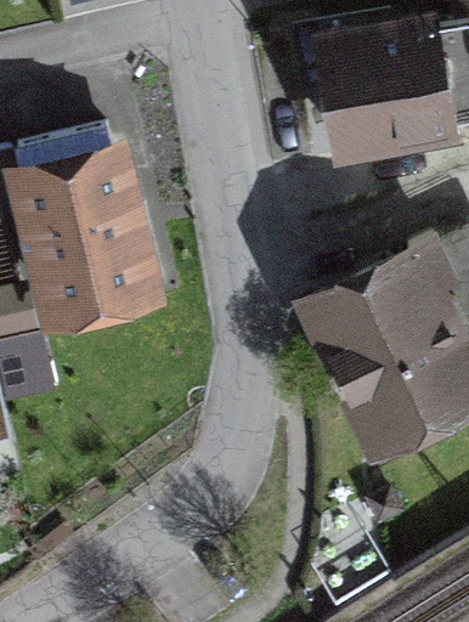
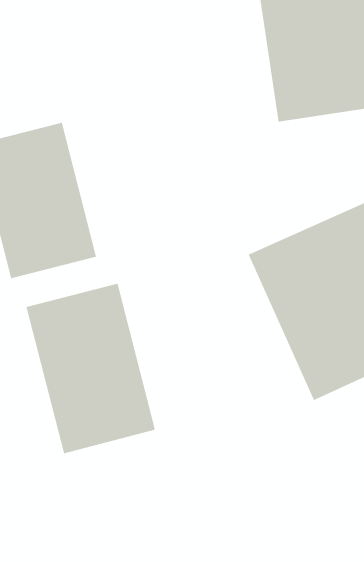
building: none -> [26,283,156,454]

